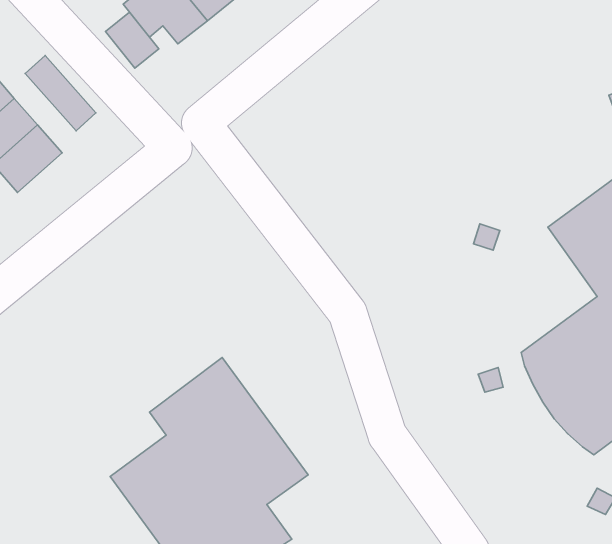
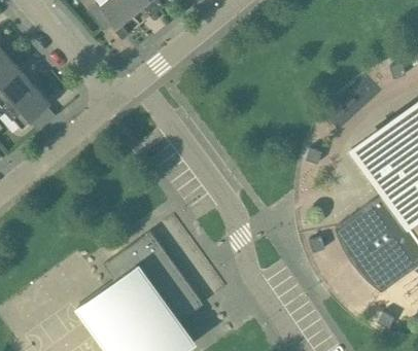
building: [106,12,159,68] -> none
building: [25,56,96,131] -> none

